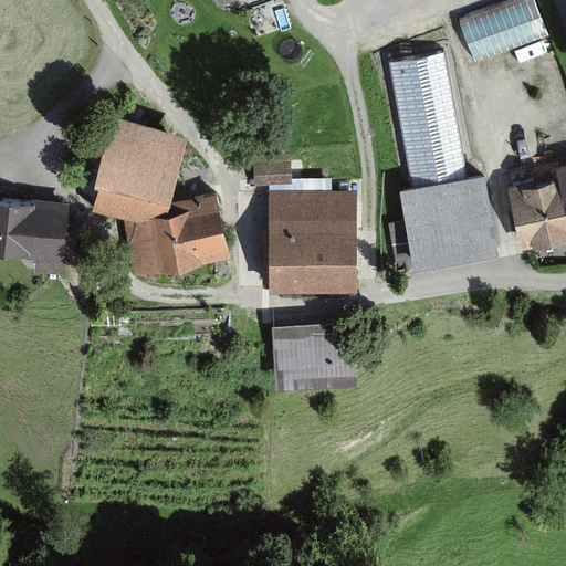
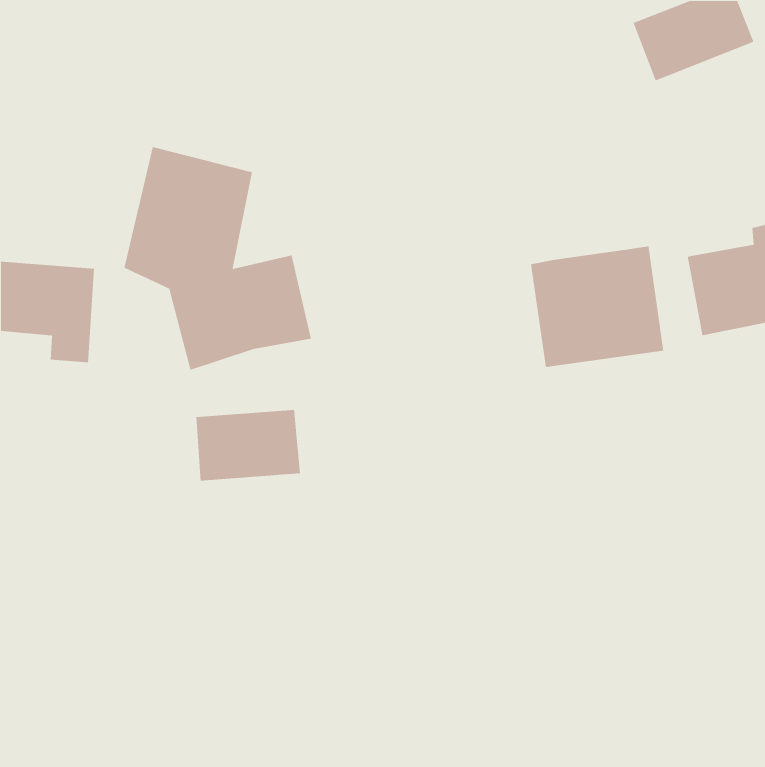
building: [392,59,465,192] -> none
building: [260,195,353,298] -> none
building: [268,329,345,382] -> [195,409,301,481]

